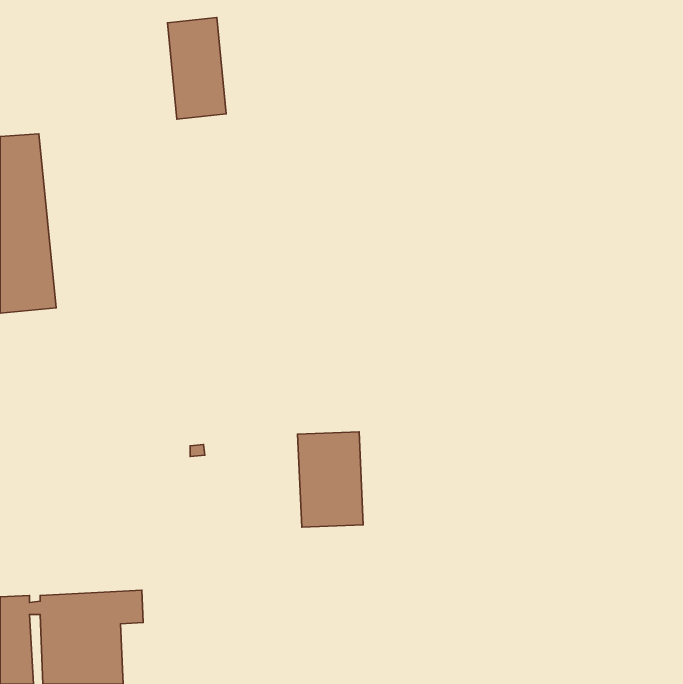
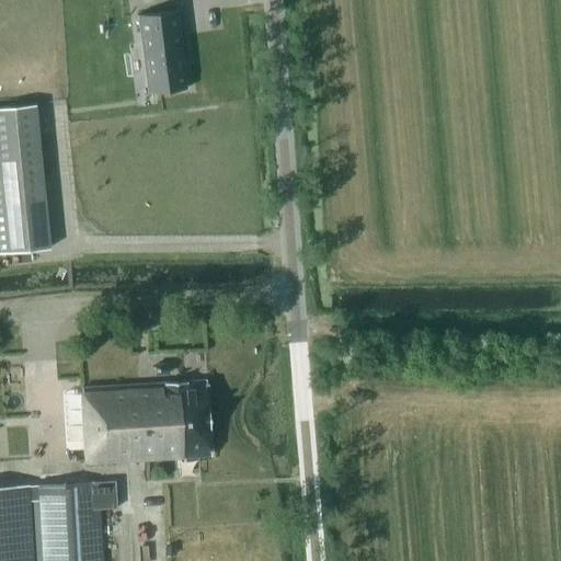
building: [298,432,363,527] -> none
building: none -> [77,380,208,460]

